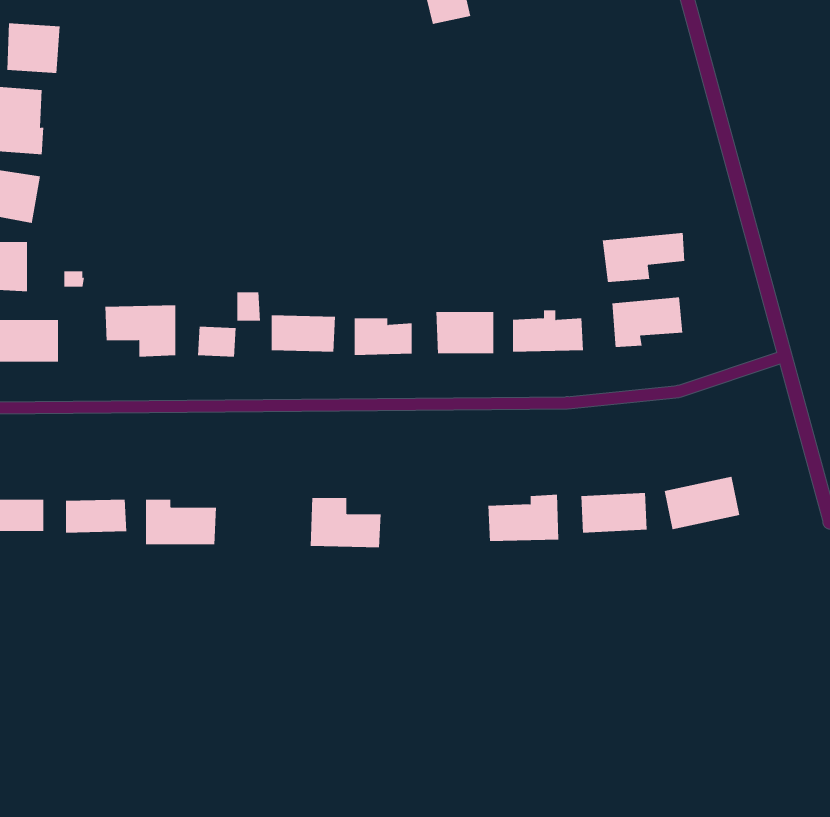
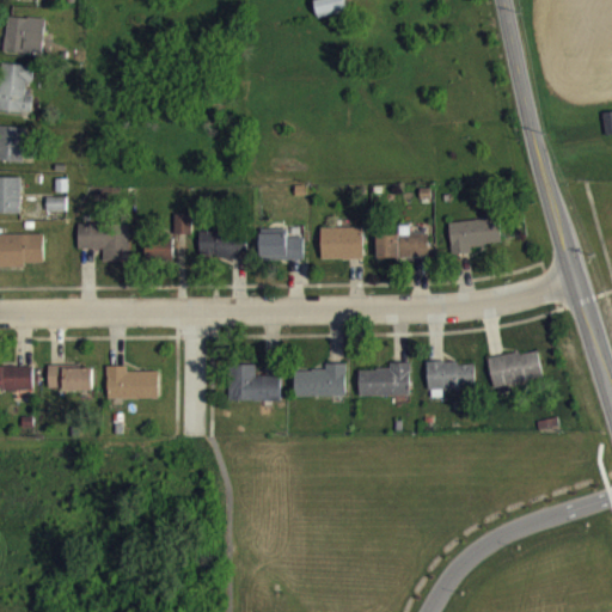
building: [602,232,685,283] -> none
building: none -> [293,363,345,397]

